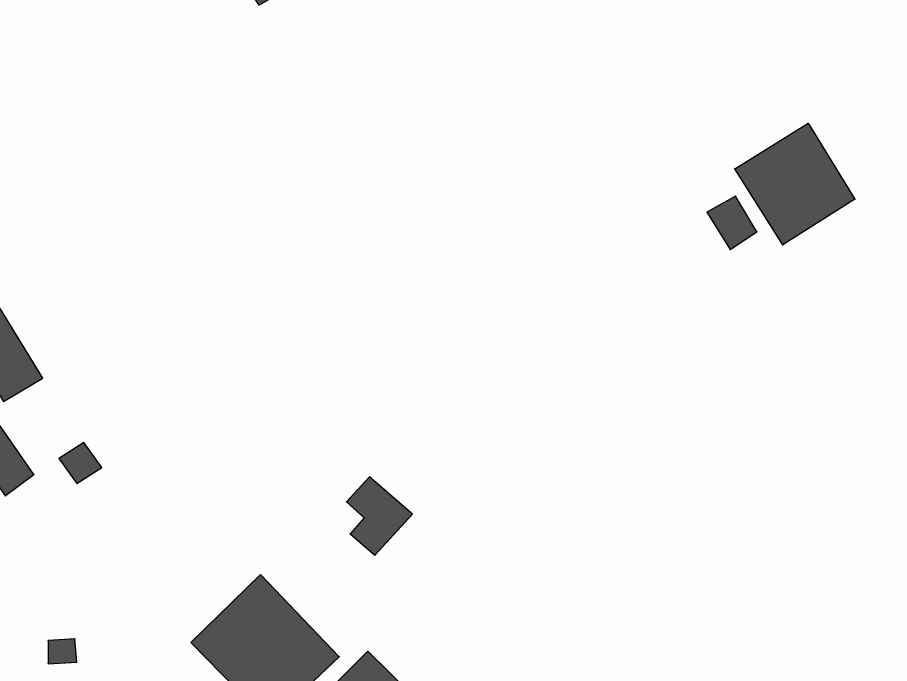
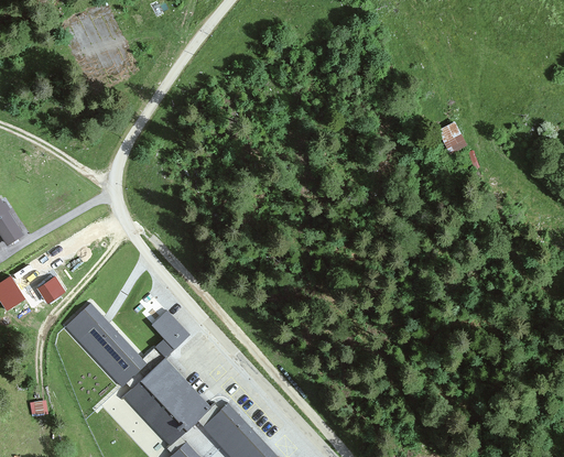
building: [735,123,855,245] -> none
building: [346,477,412,555] -> [151,311,192,359]
building: none -> [63,303,143,388]

